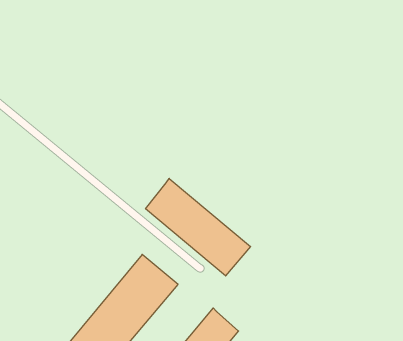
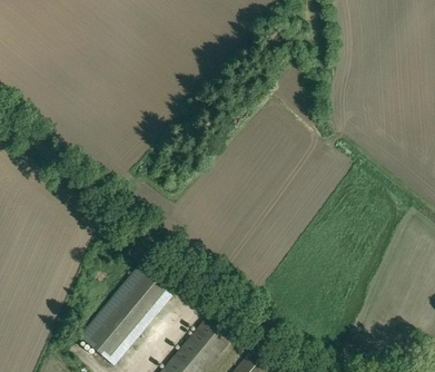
building: [146,178,251,276] -> none

